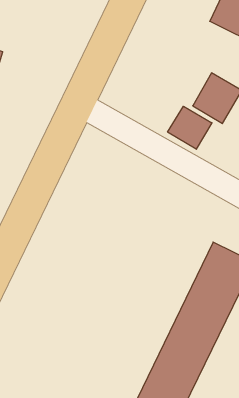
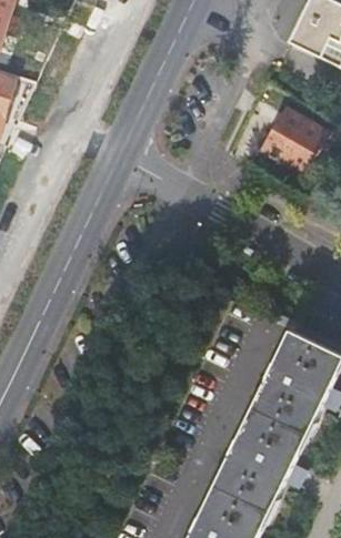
building: [168,106,212,149] -> none

